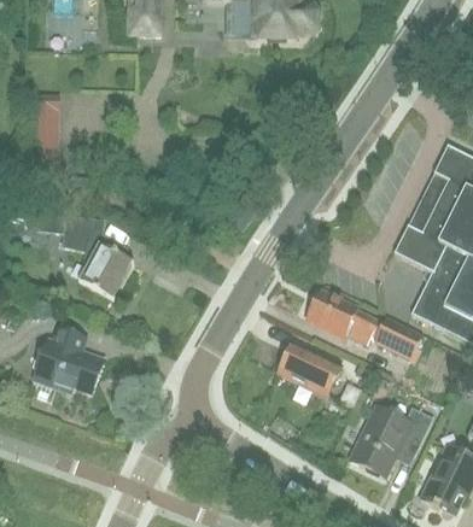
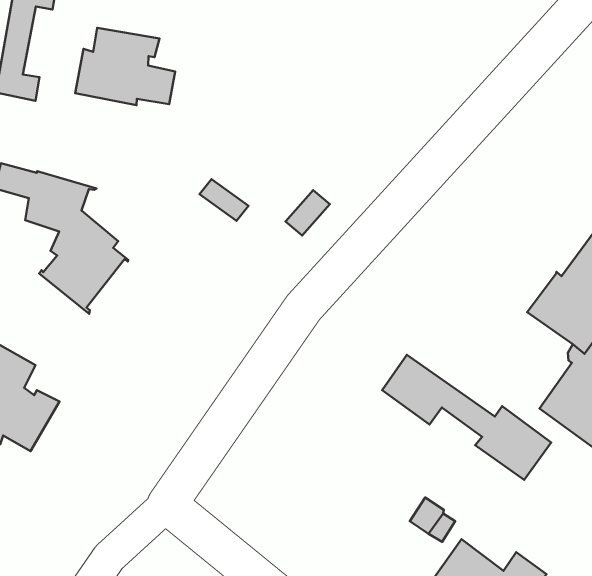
building: none -> [75,28,175,105]
building: [278,342,341,396] -> none

